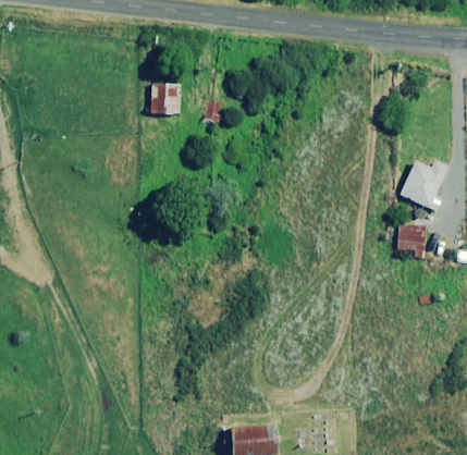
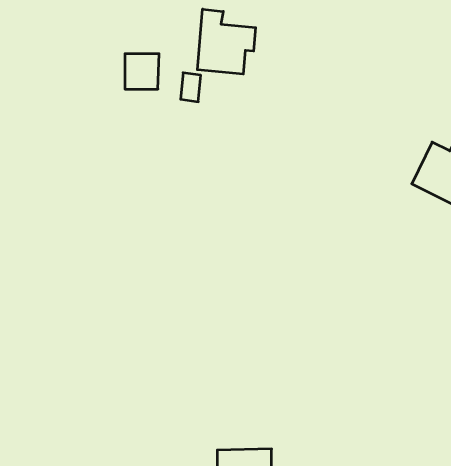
building: none -> [197,9,256,74]
building: [395,223,425,258] -> none

